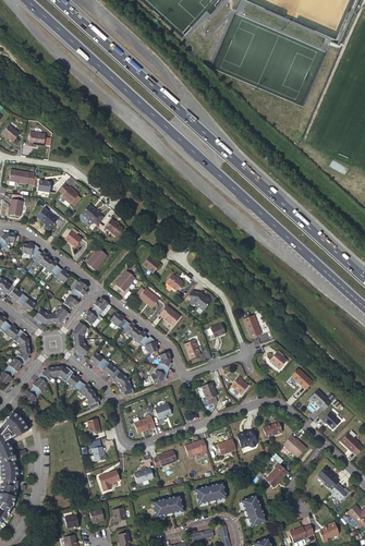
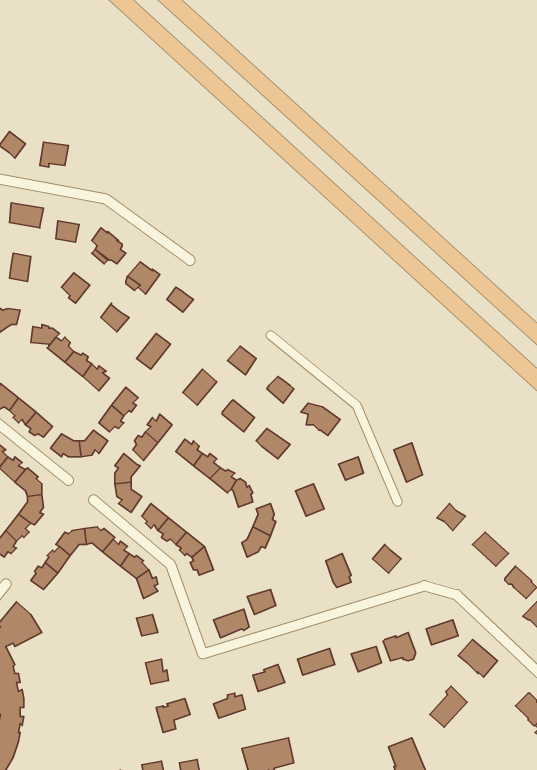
building: [193,483,224,505] -> none

